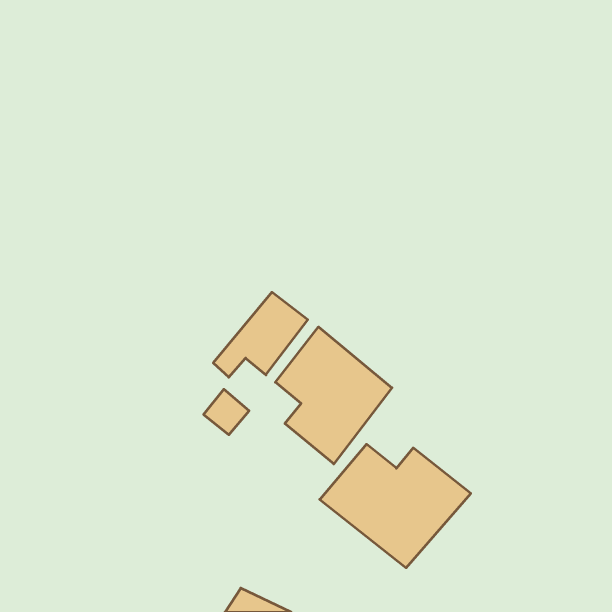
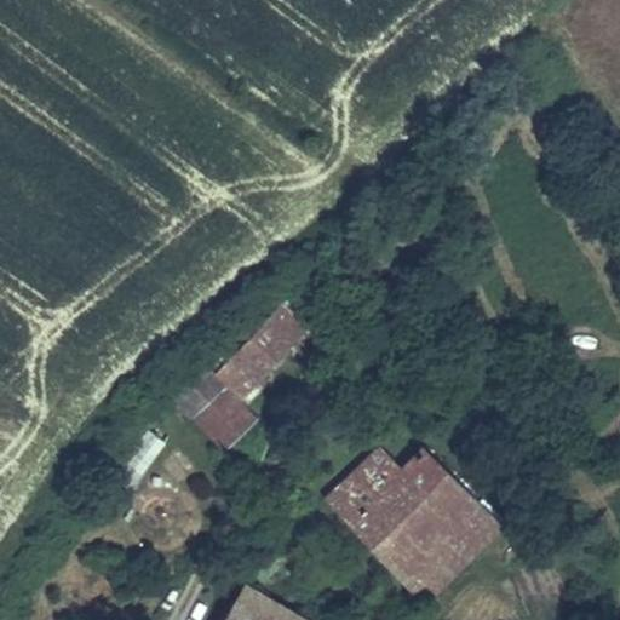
building: [275,327,392,464] -> none
building: none -> [411,499,499,599]

